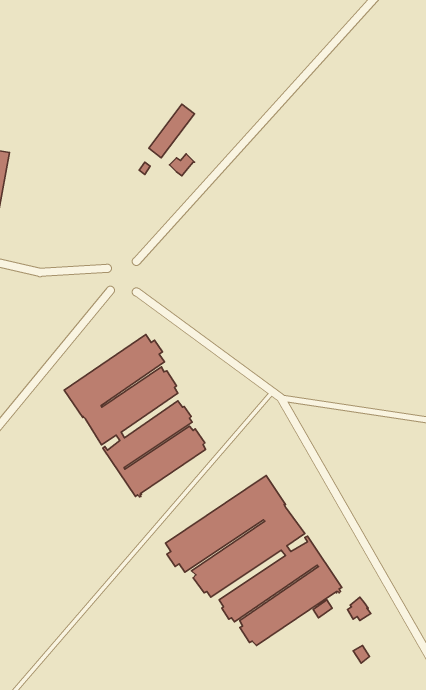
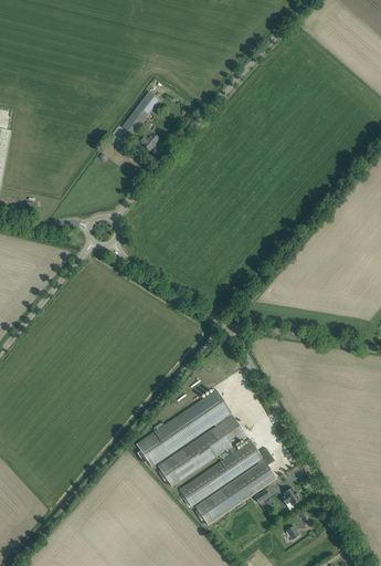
building: [64,335,205,497] -> none

